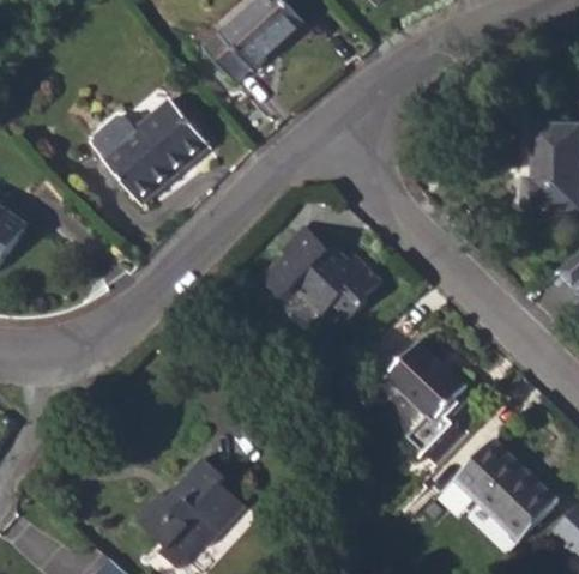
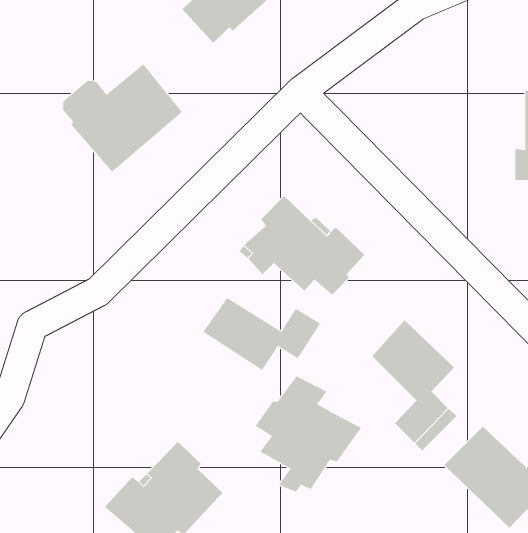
building: none -> [203,297,321,371]
building: none -> [255,376,362,492]

